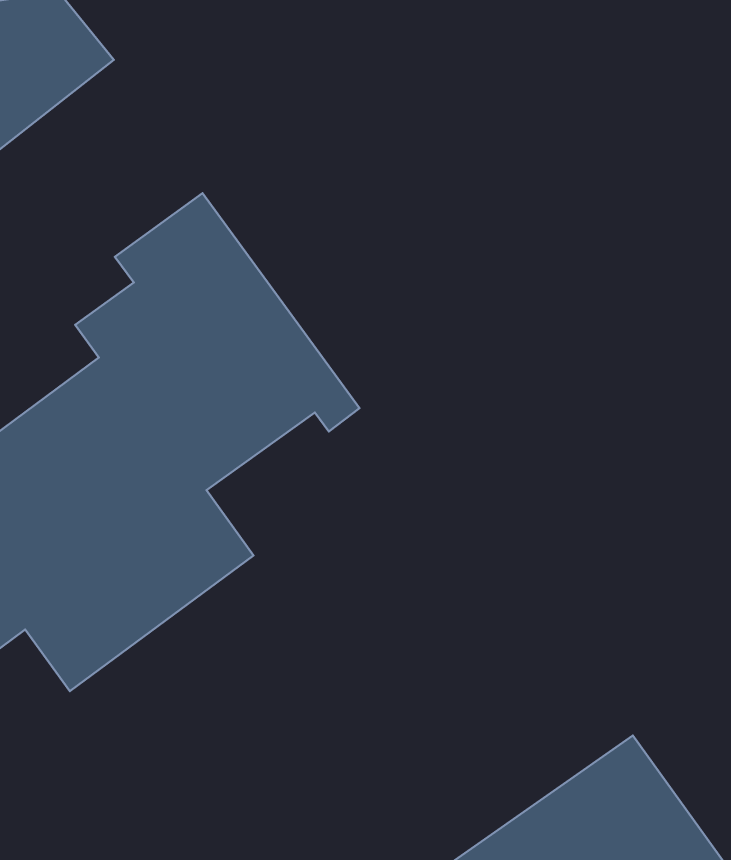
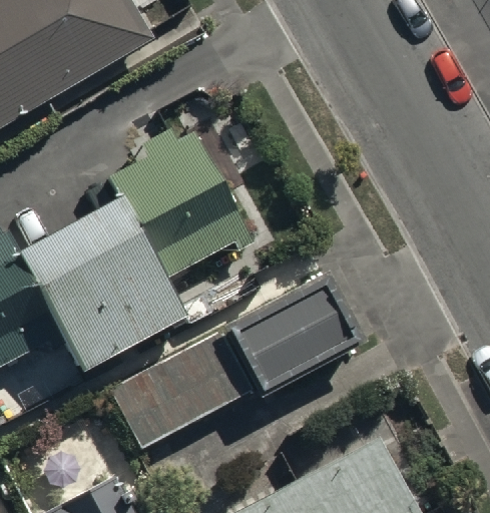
building: none -> [221,266,364,393]
building: none -> [105,328,250,447]

